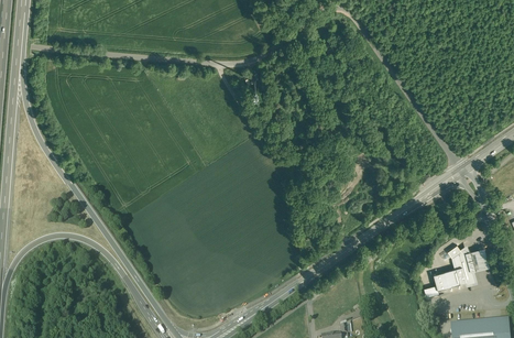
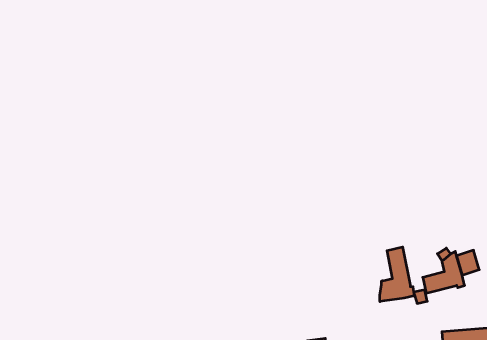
building: none -> [380,247,414,302]

